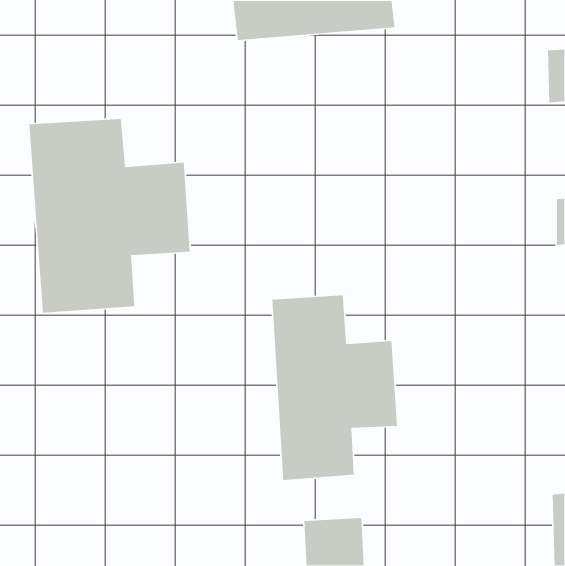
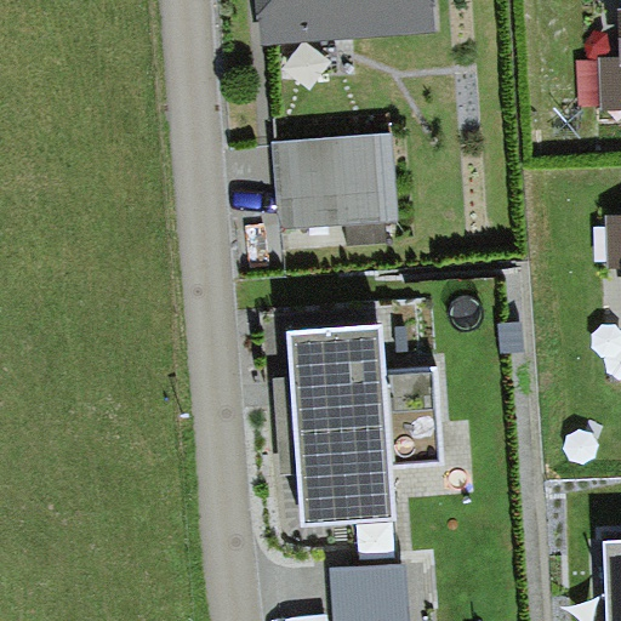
building: [28,118,191,313] -> none
building: none -> [272,133,395,230]

